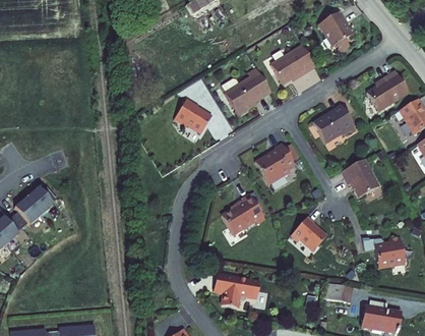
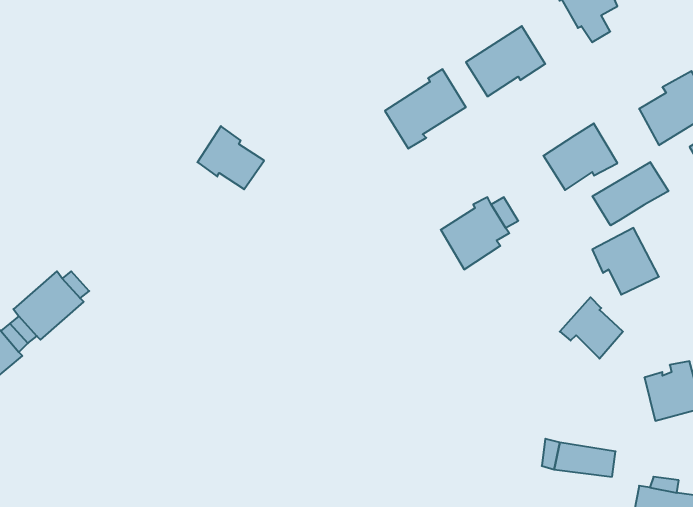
building: [174,97,211,132] -> [197,126,264,189]
building: none -> [592,162,668,225]
building: [220,193,263,234] -> none
building: [289,217,324,251] -> [560,297,623,359]
building: [210,276,256,310] -> none

